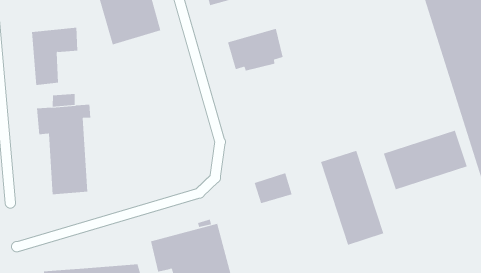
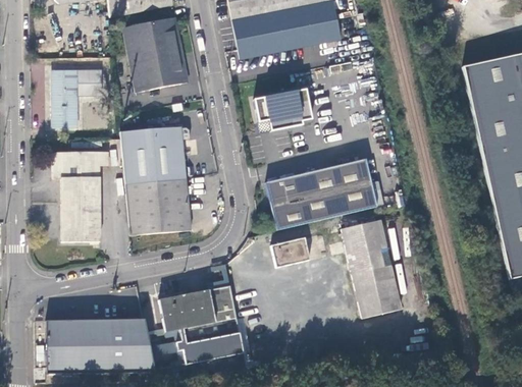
building: none -> [120,124,192,232]
building: none -> [265,159,375,229]
building: [383,130,468,190] -> none

